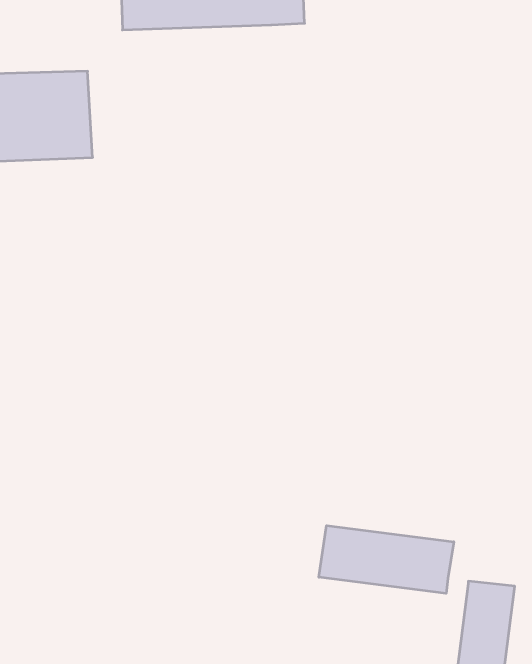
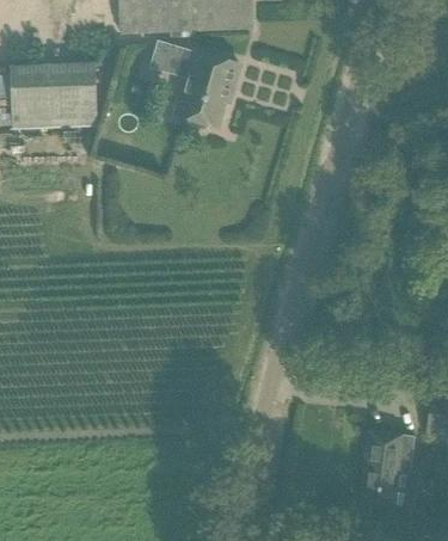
building: none -> [149,38,240,128]
building: [319,526,454,593] -> none

